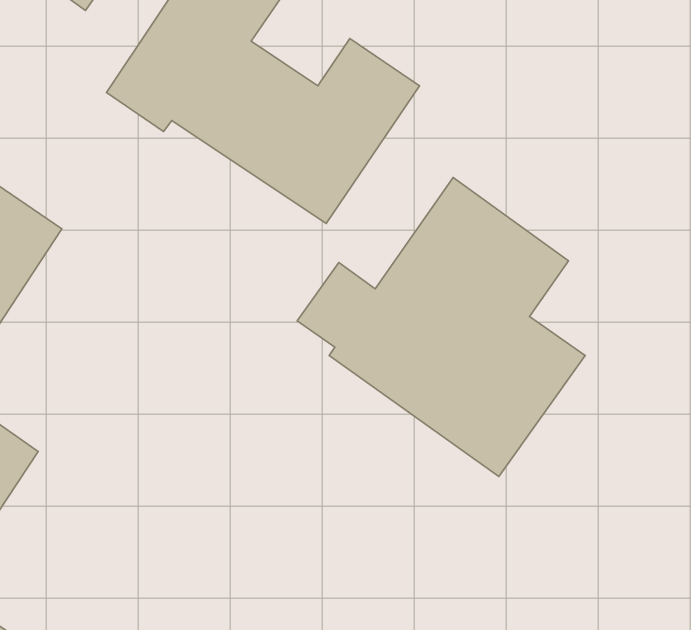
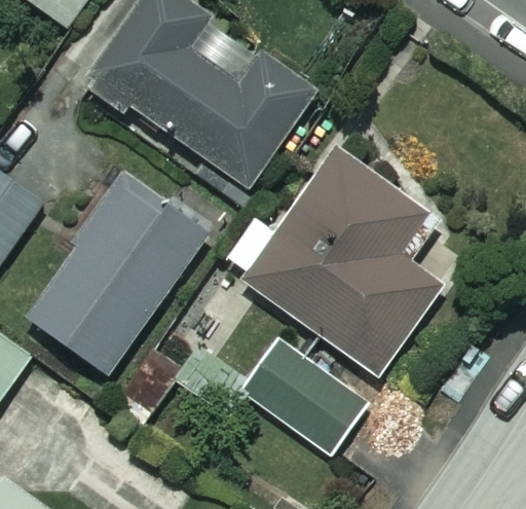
building: none -> [27,179,203,374]
building: none -> [249,337,367,449]

